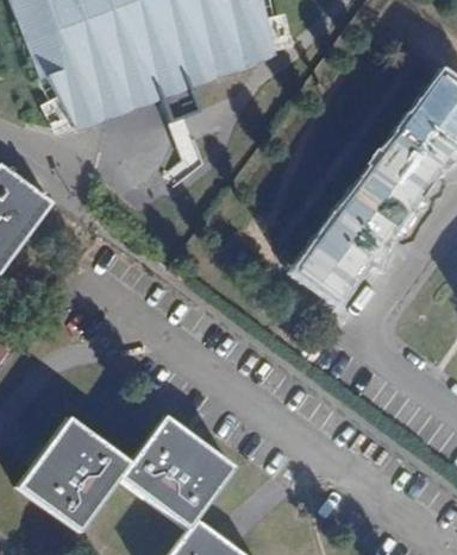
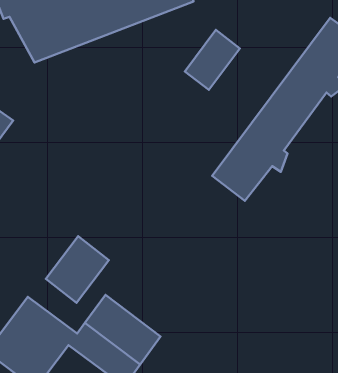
building: none -> [185,30,240,90]
building: none -> [46,236,109,303]

